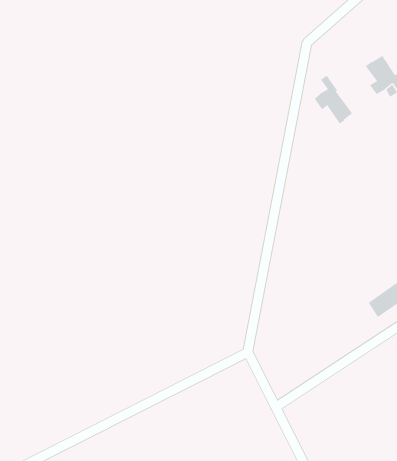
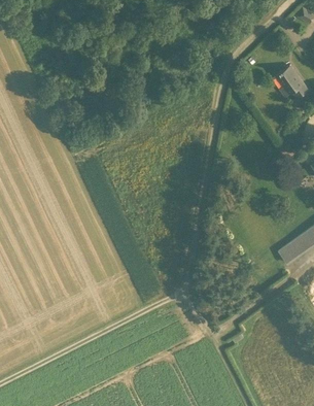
building: [314,75,353,124] -> none

